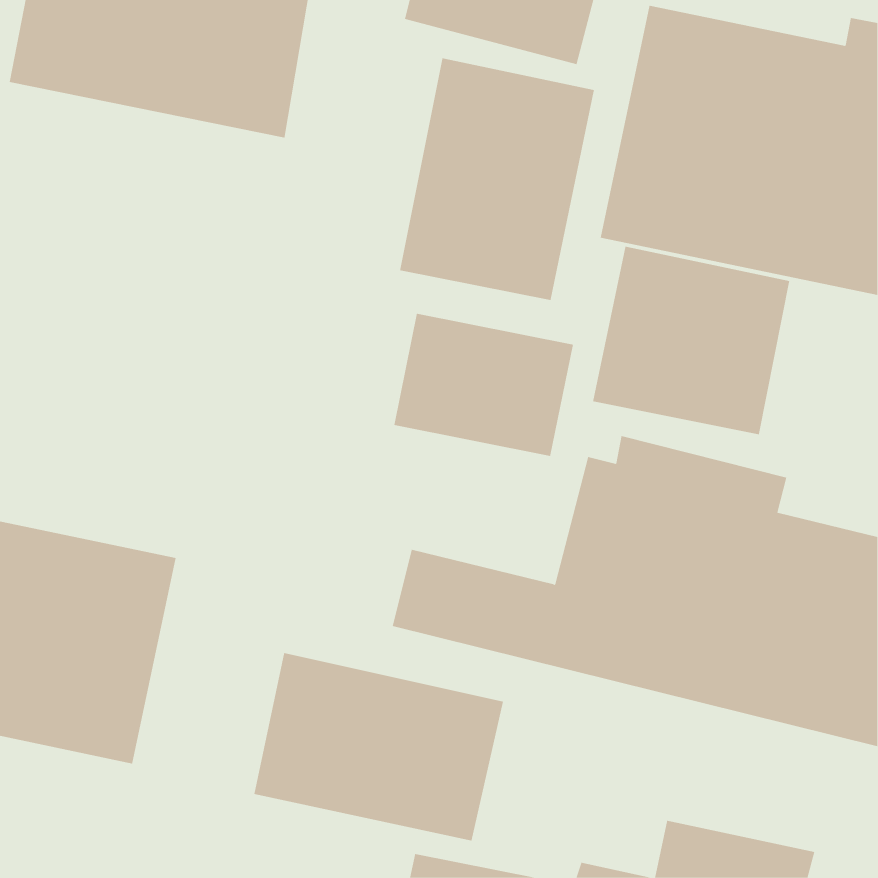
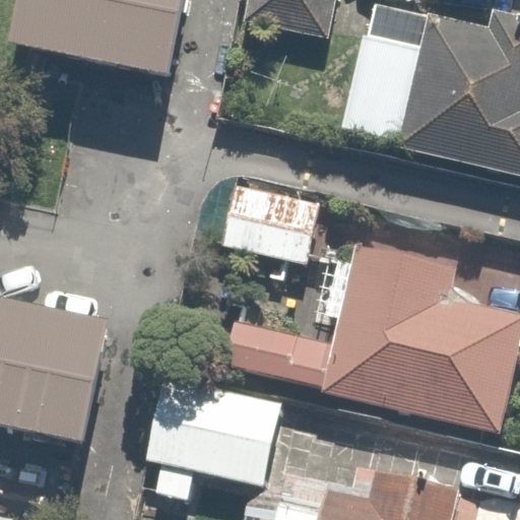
building: [399,58,594,301] -> none
building: [593,246,790,435] -> none

